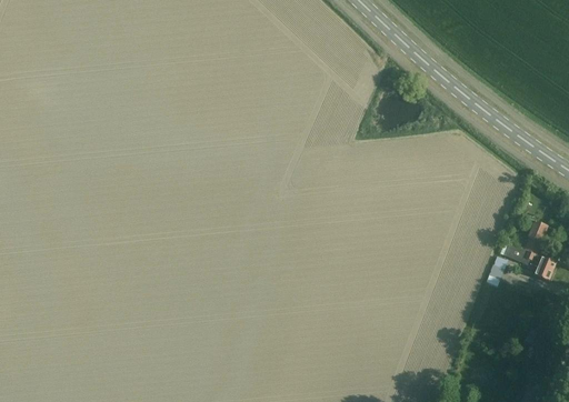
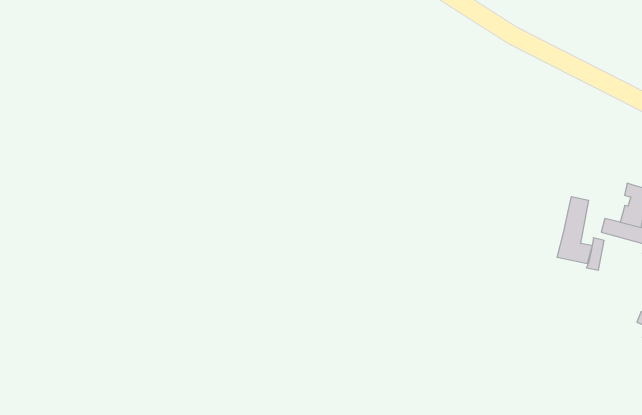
building: none -> [557,197,592,264]

